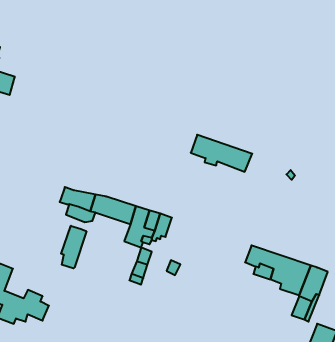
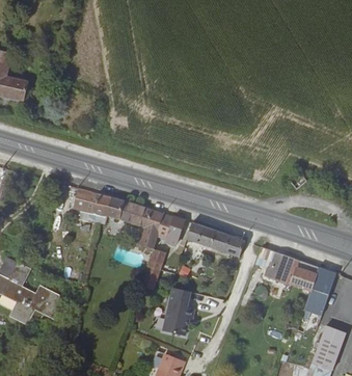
building: [191,135,252,172] -> [185,222,245,259]
building: [61,226,86,268] -> none
building: none -> [160,285,193,333]

